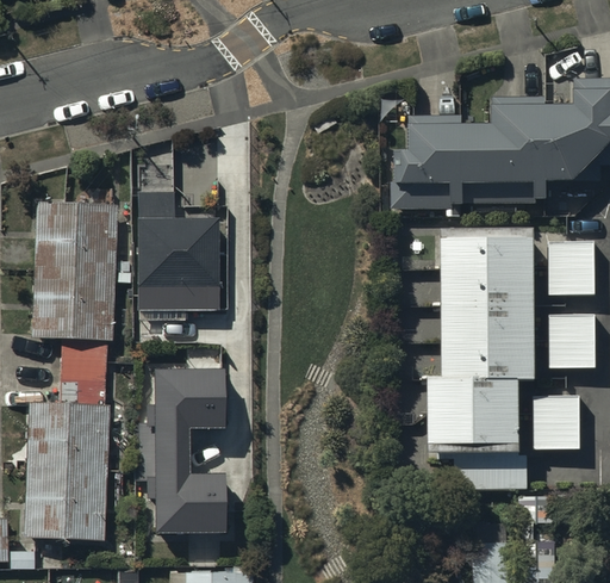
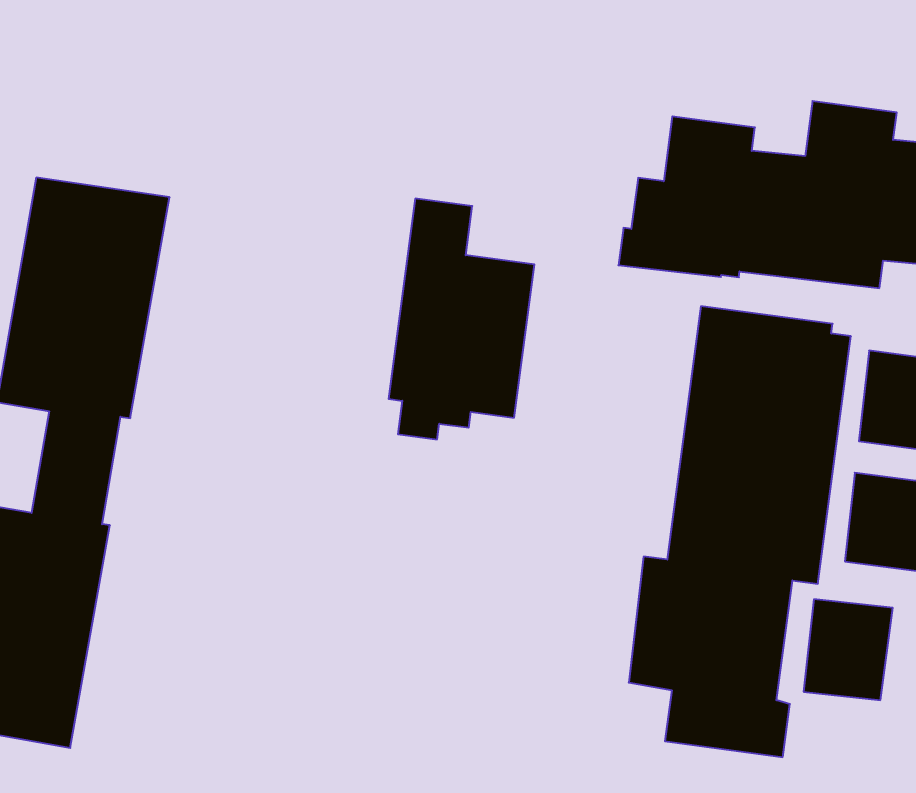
building: [137,191,213,333] -> [389,199,534,439]
building: [156,365,226,528] -> none

